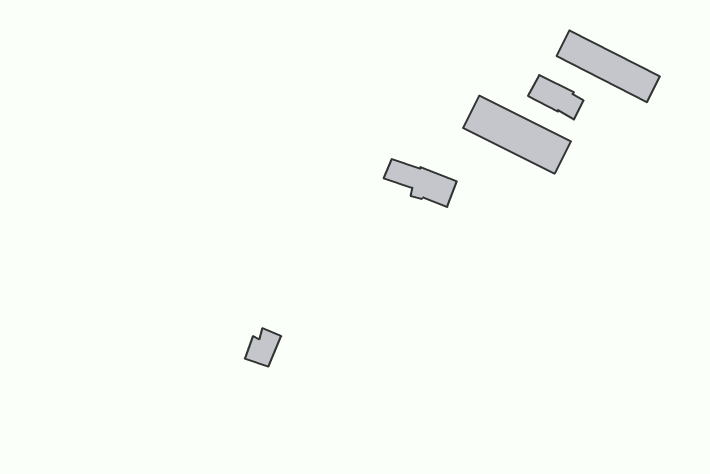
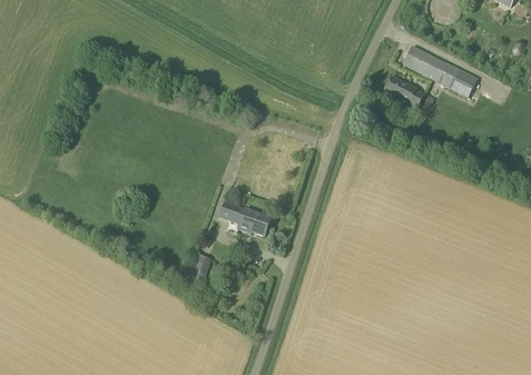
building: [463,96,571,174] -> none
building: [384,159,457,207] -> [219,201,271,235]

